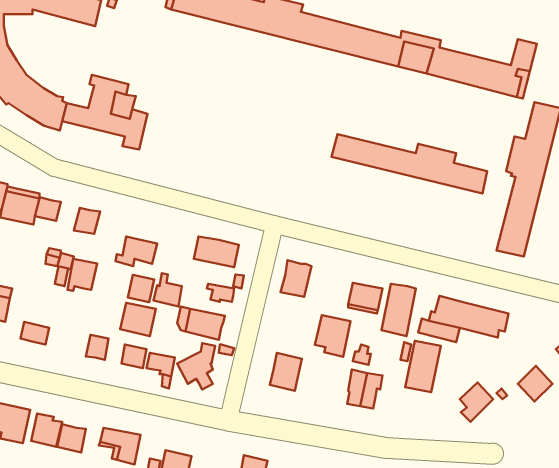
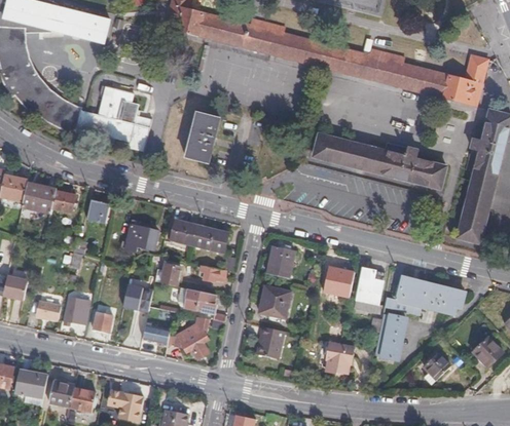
building: none -> [184,113,219,164]
building: [67,259,97,291] -> [70,296,96,323]
building: [128,275,154,302] -> [173,221,195,244]
building: [315,315,350,357] -> [259,286,290,322]

